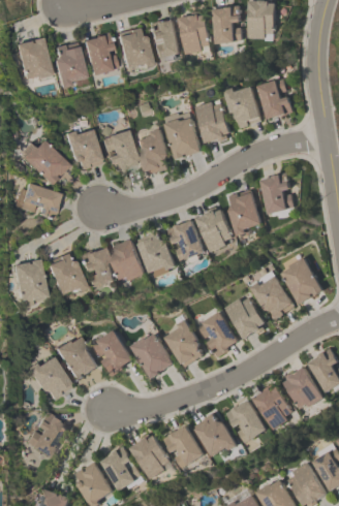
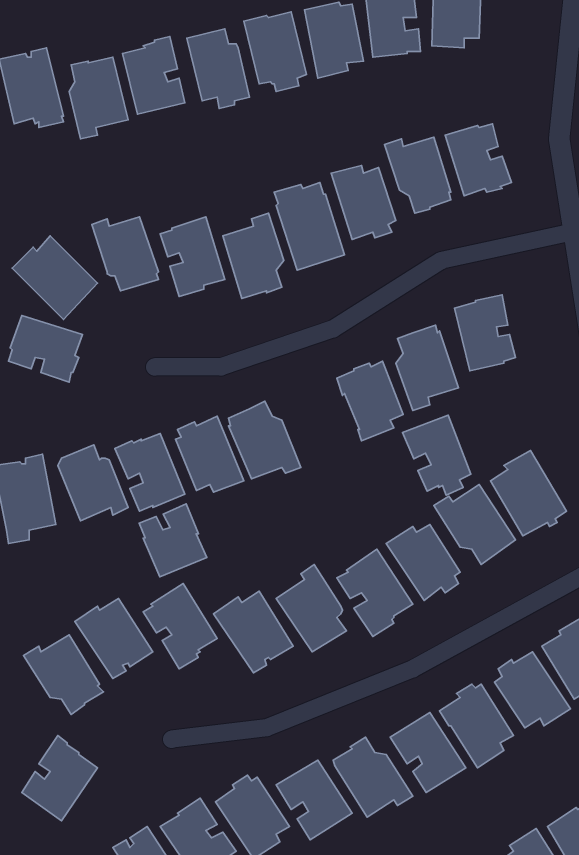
building: [168,220,206,263] -> [403,415,471,495]
building: none -> [139,504,207,577]

